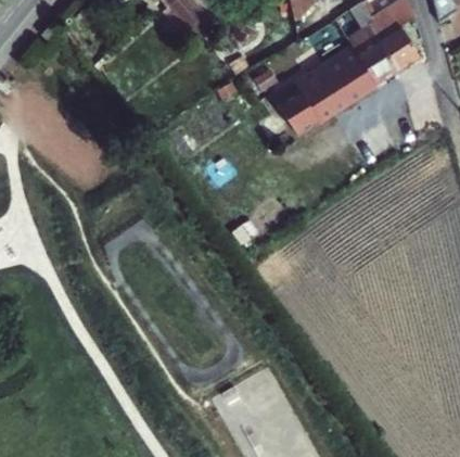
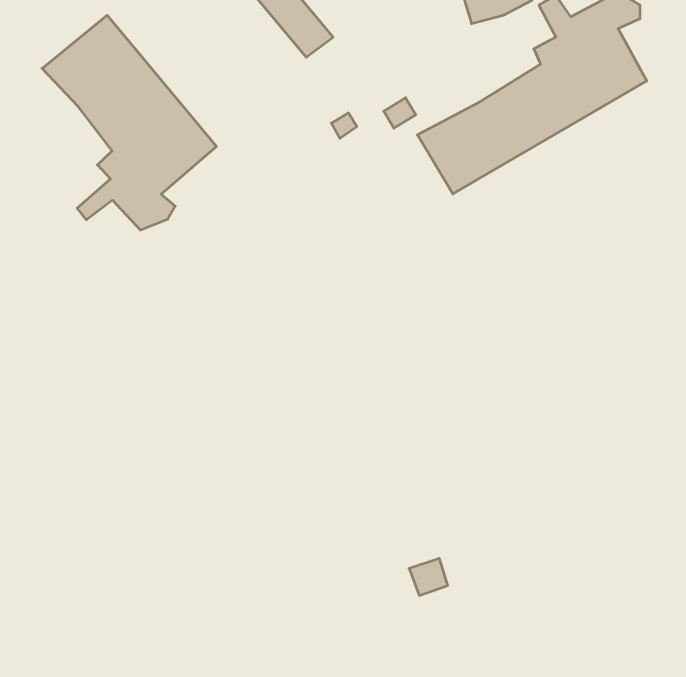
building: none -> [42,15,216,230]

